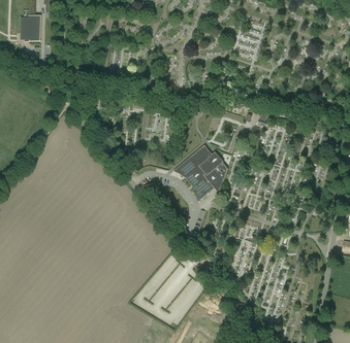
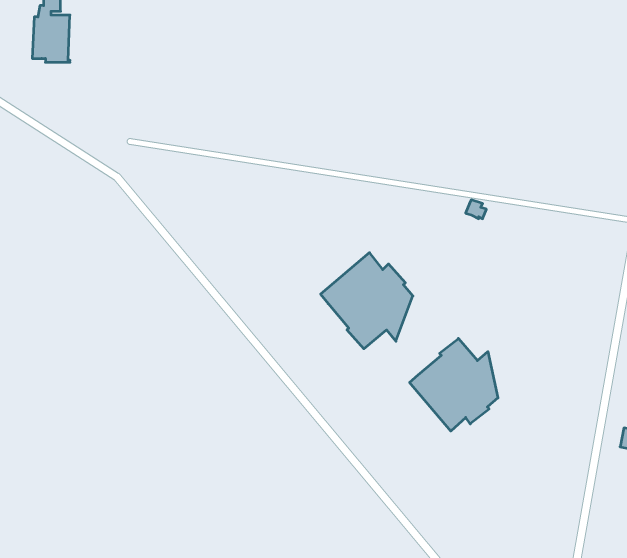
building: none -> [410,338,498,431]

